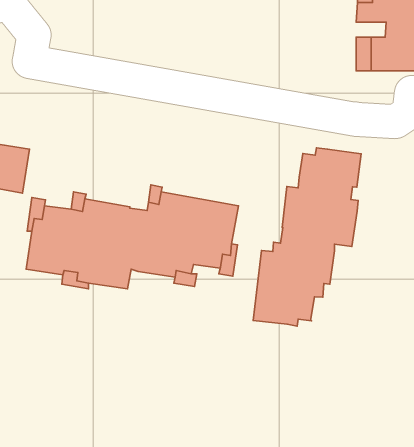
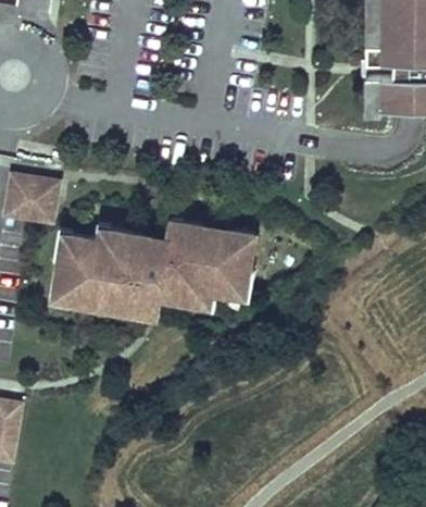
building: [253,148,361,326] -> none

